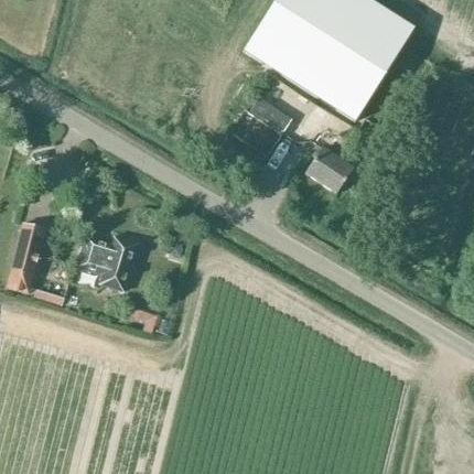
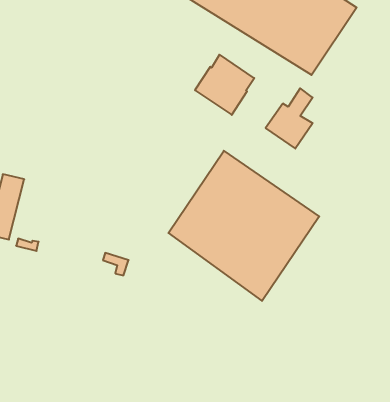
building: none -> [168,151,319,301]
building: [79,235,143,293] -> none

